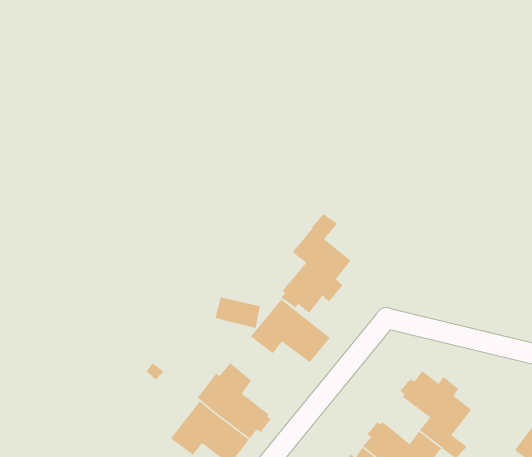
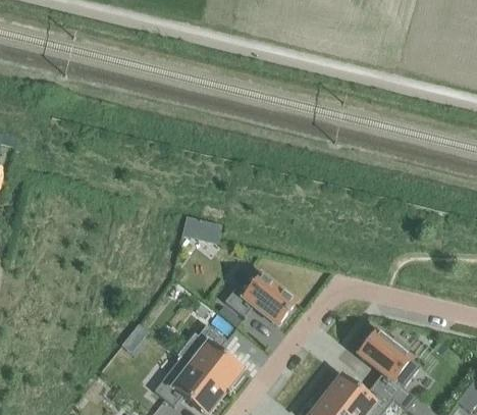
building: [280,213,352,314] -> none
building: [214,296,261,329] -> [182,216,223,245]

